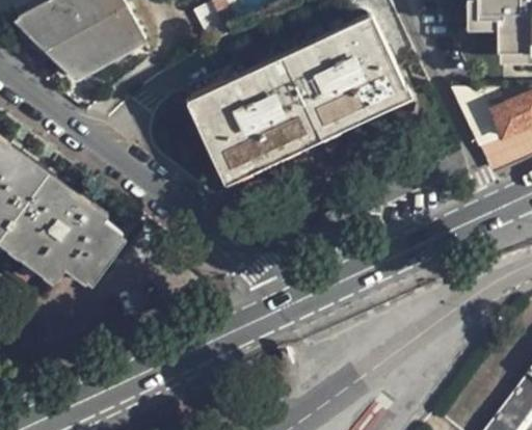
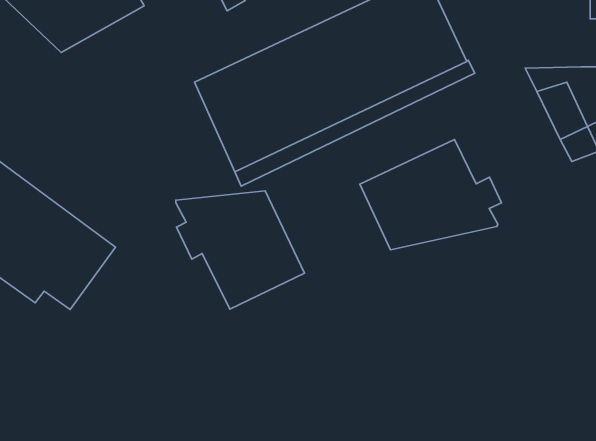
building: none -> [360,139,502,250]
building: none -> [176,191,305,309]

